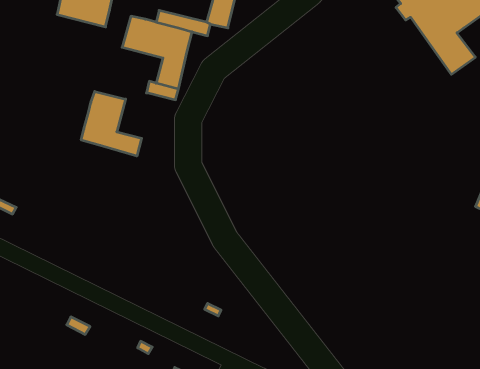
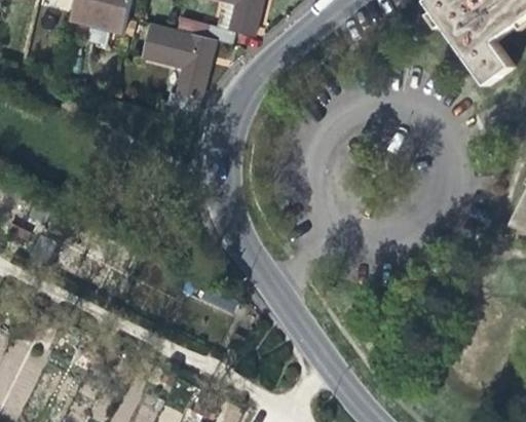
building: [81,91,142,156] -> none

